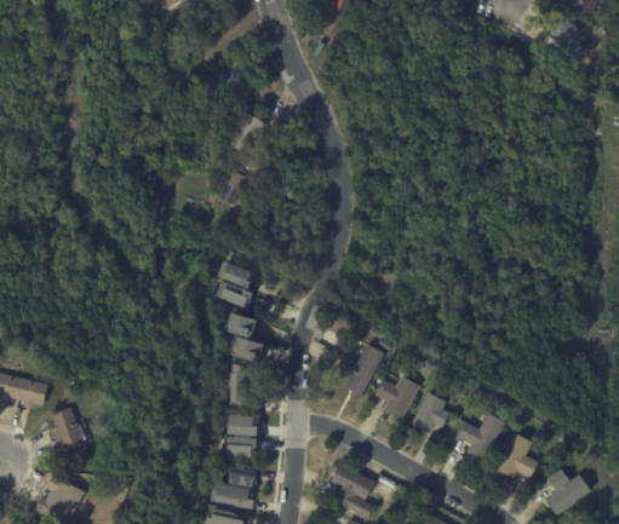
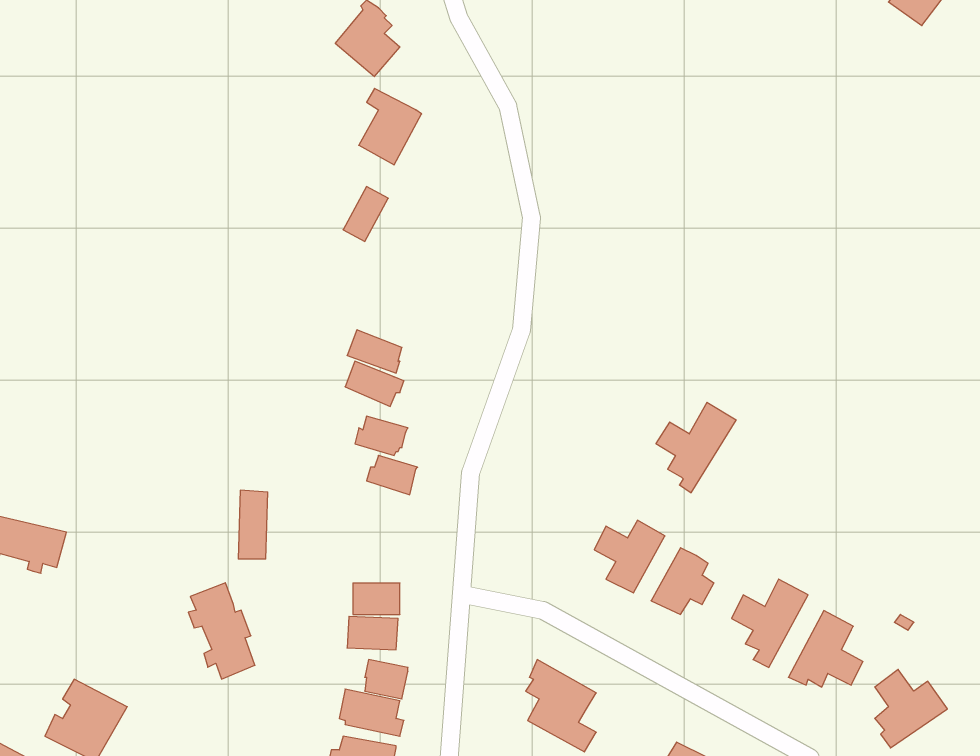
building: [334,344,384,399] -> [656,402,736,493]
building: [225,363,243,405] -> [238,490,268,559]
building: [47,407,88,466] -> [188,583,255,679]

